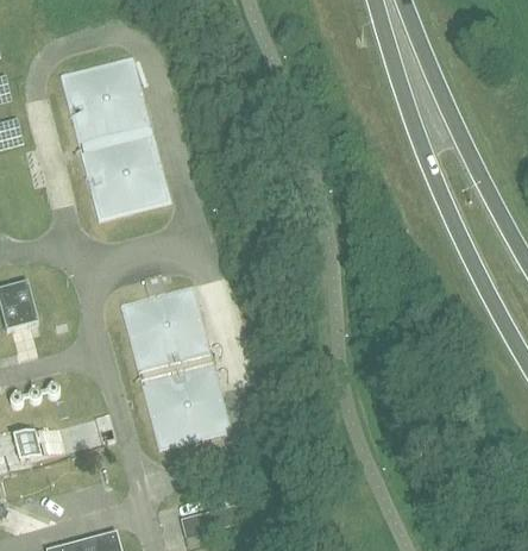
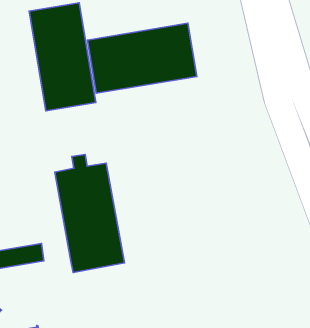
building: none -> [87,23,197,93]

